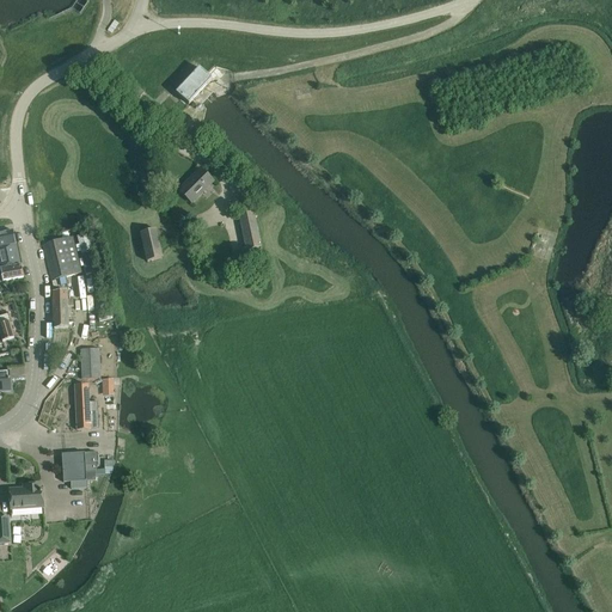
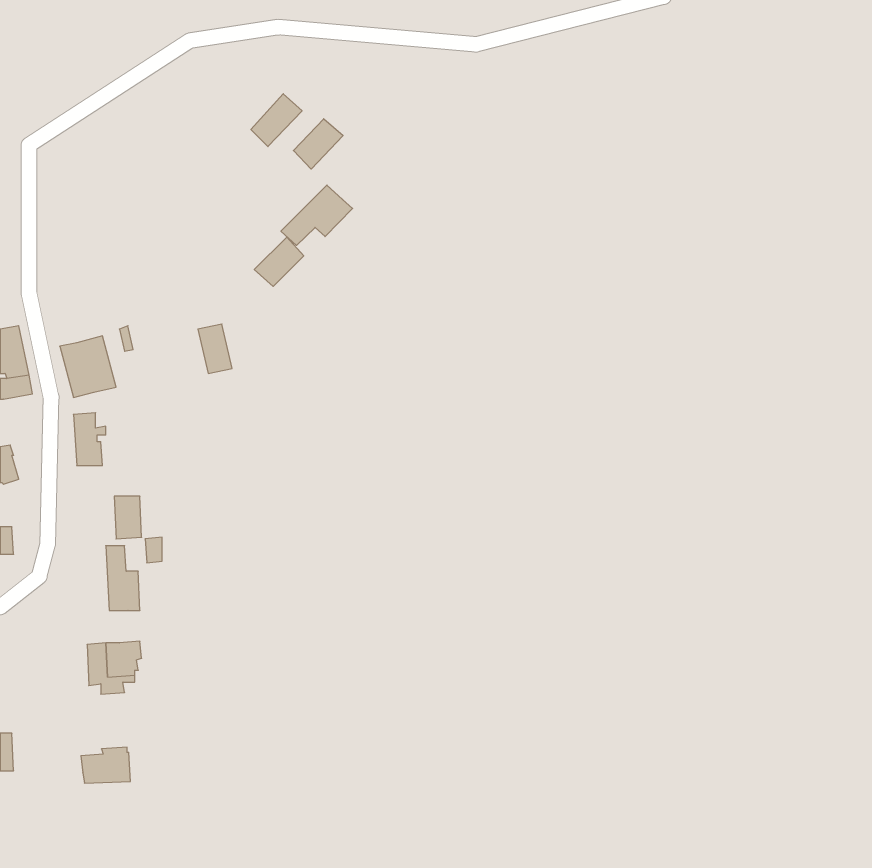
building: none -> [293,119,343,169]
building: none -> [281,185,353,245]
building: [238,210,262,249] -> none
building: [8,482,43,507] -> [81,747,130,783]

